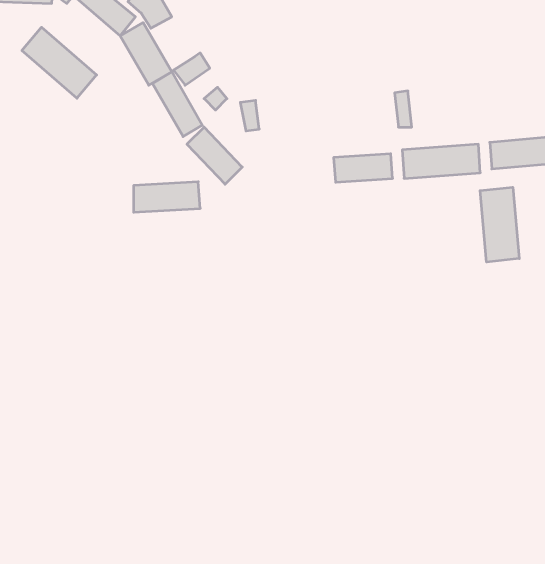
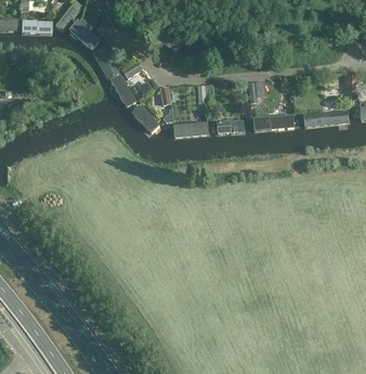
building: [22,27,97,98] -> none
building: [134,182,200,212] -> [172,120,210,138]
building: [480,187,519,262] -> none

